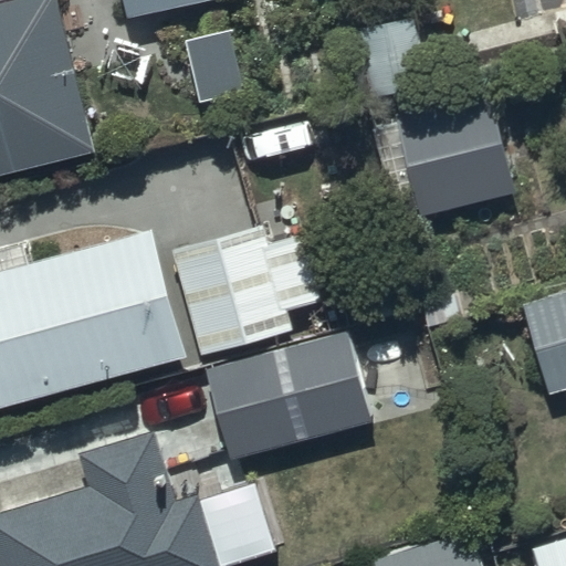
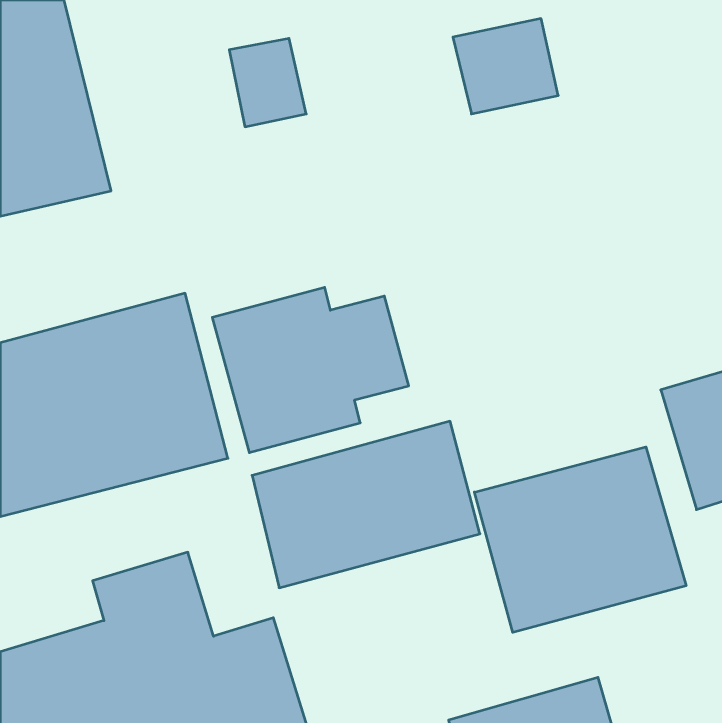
building: [388,72,515,219] -> none
building: none -> [474,447,686,632]

